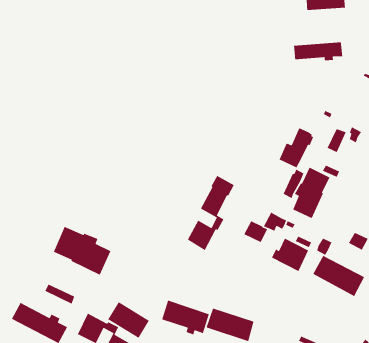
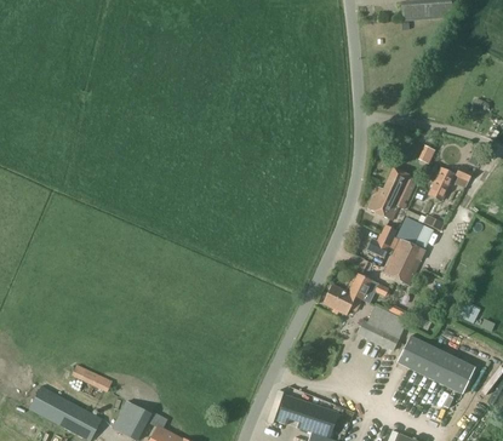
building: [293,42,343,61] -> none
building: [187,175,235,251] -> none
building: [53,226,111,276] -> none
building: [161,300,210,336] -> none
building: [107,301,150,339] -> none

